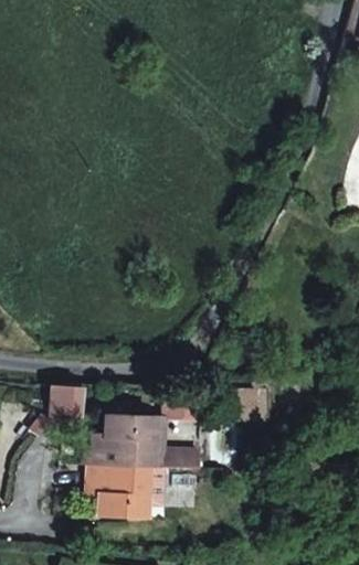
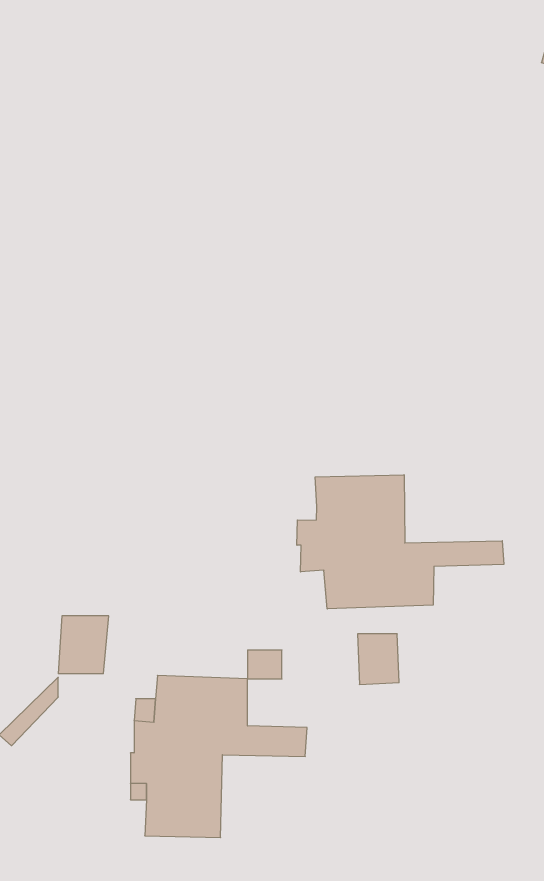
building: none -> [297,475,504,609]

